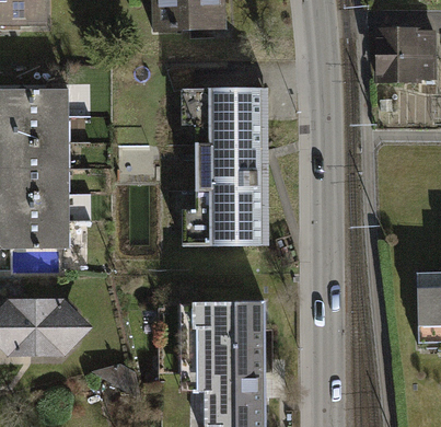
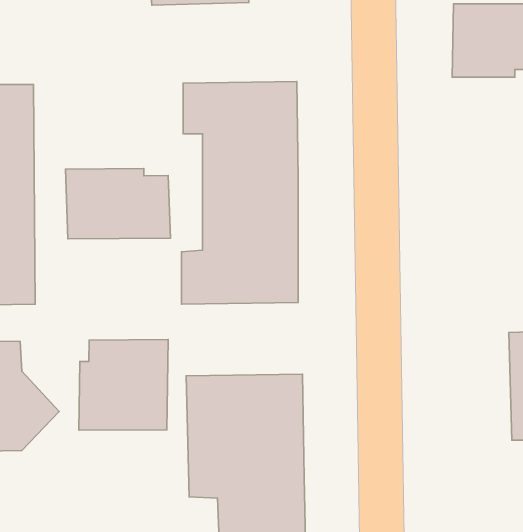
building: none -> [65,169,170,239]
building: none -> [79,340,168,430]

